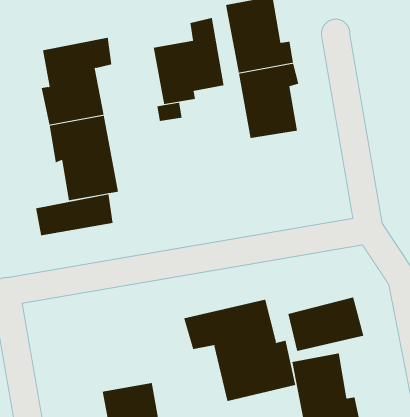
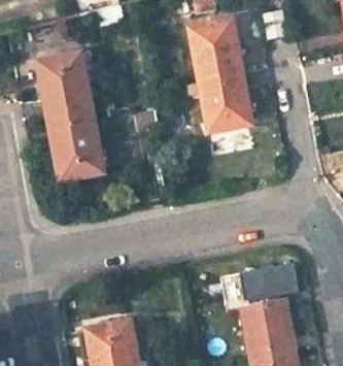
building: [153,17,224,105] -> none
building: [36,194,113,236] -> none
building: [184,299,296,402] -> none

